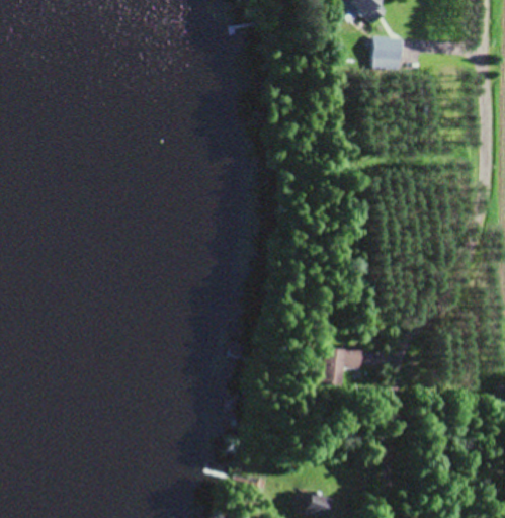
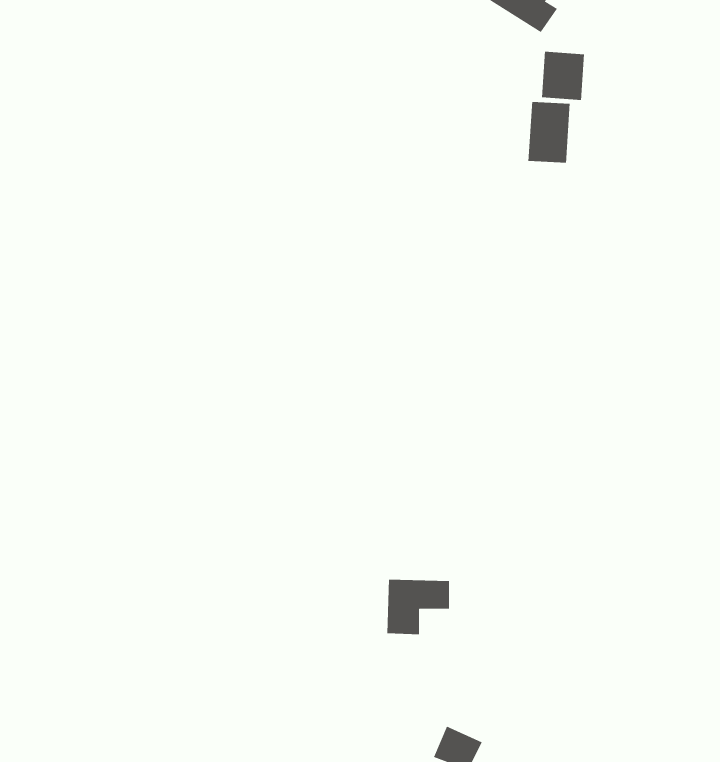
building: none -> [528,101,570,164]
building: [323,349,365,386] -> [387,579,450,635]

